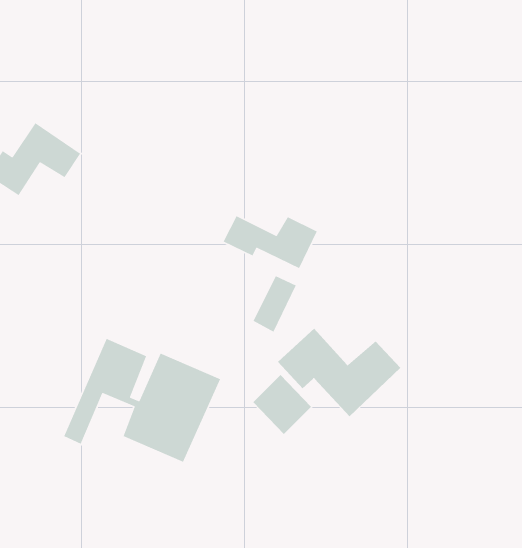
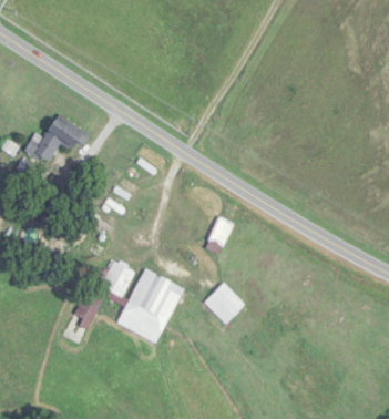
building: [222,215,318,269] -> none
building: [277,328,401,417] -> none

